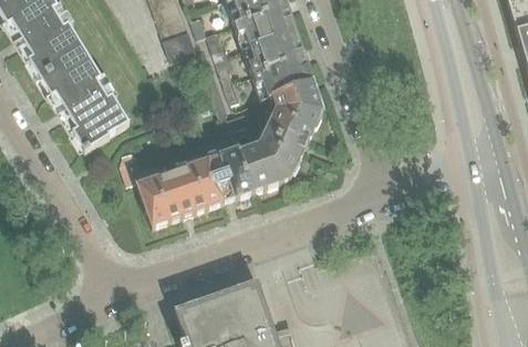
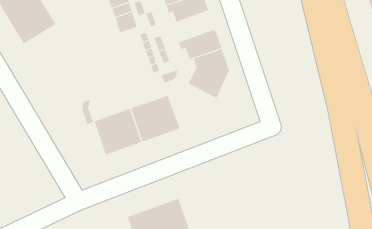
building: [249,28,303,72] -> none
building: [41,47,131,147] -> none
building: [240,129,306,190] -> none

